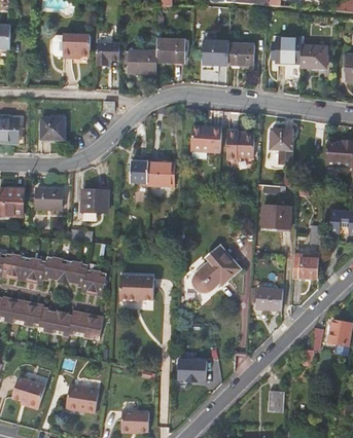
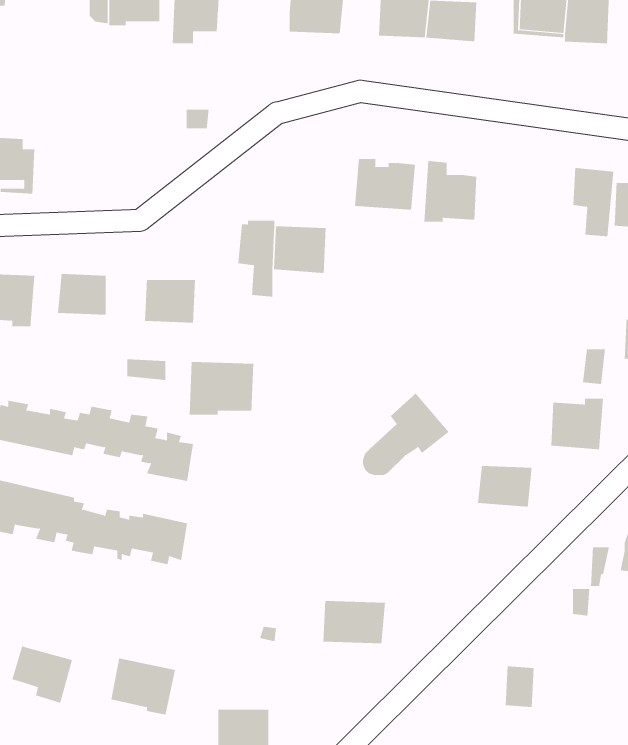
building: [127,49,156,73] -> none
building: [39,117,64,139] -> none
building: [271,127,292,163] -> [573,167,614,237]
building: [261,205,290,226] -> none
building: [119,273,153,301] -> [189,362,254,415]

